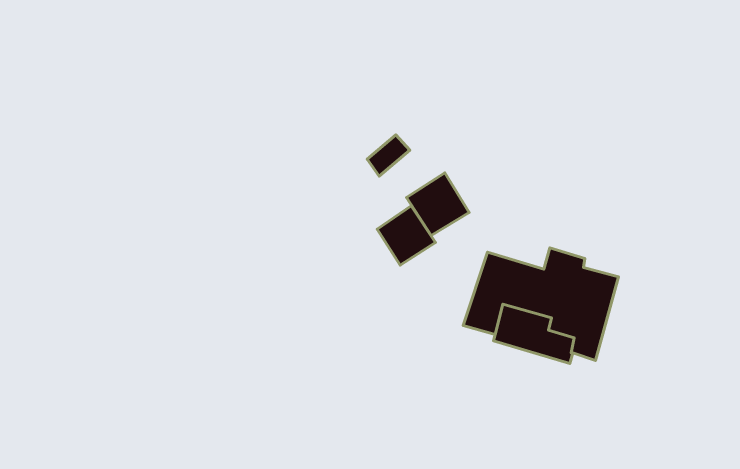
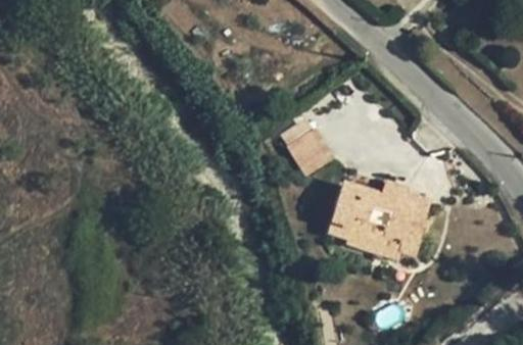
building: [377,206,436,265] -> none

